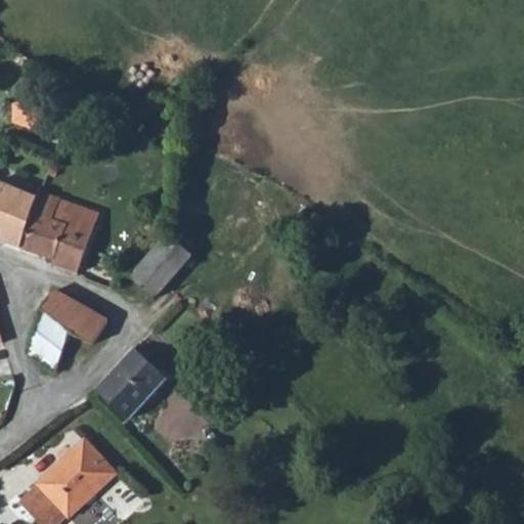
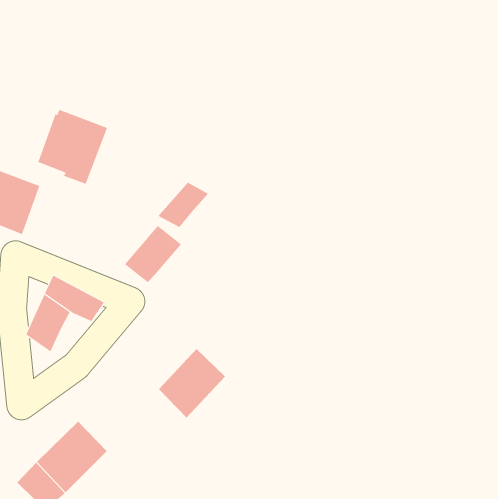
building: none -> [158,182,209,228]
building: [24,191,97,270] -> [37,109,108,185]
building: [95,347,166,421] -> [158,348,226,419]

